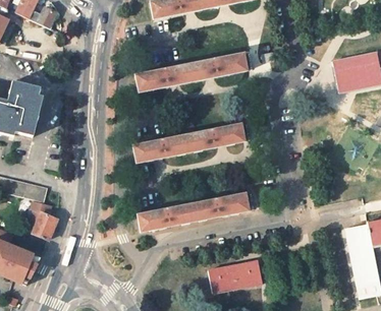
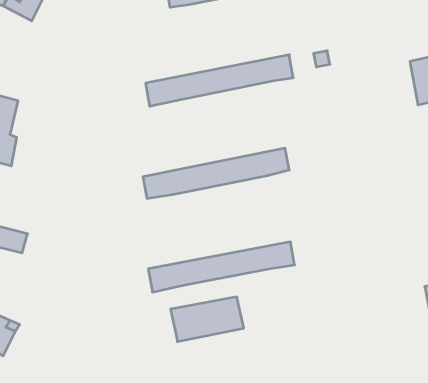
building: [30,200,56,240] -> none
building: [206,259,261,293] -> [171,297,244,342]

